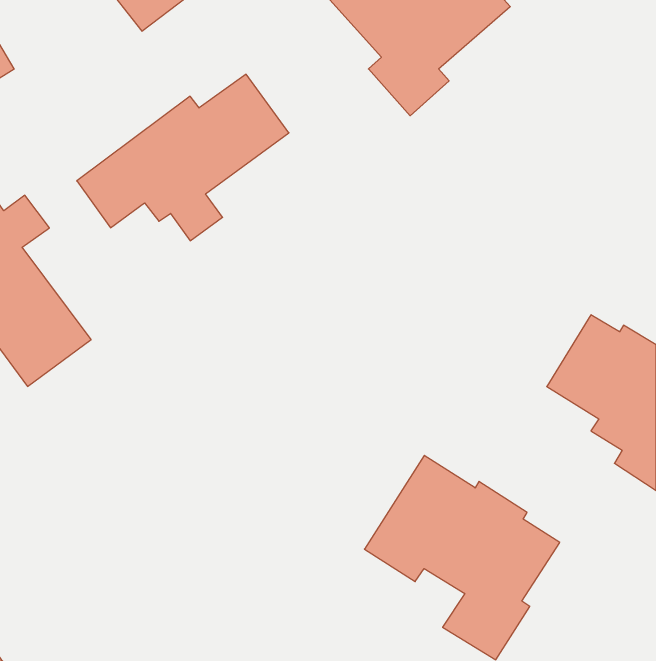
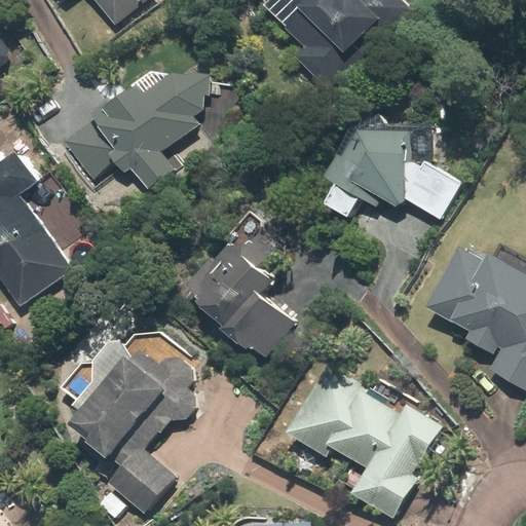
building: none -> [326,129,460,220]
building: none -> [187,213,283,349]
building: none -> [57,328,194,512]

